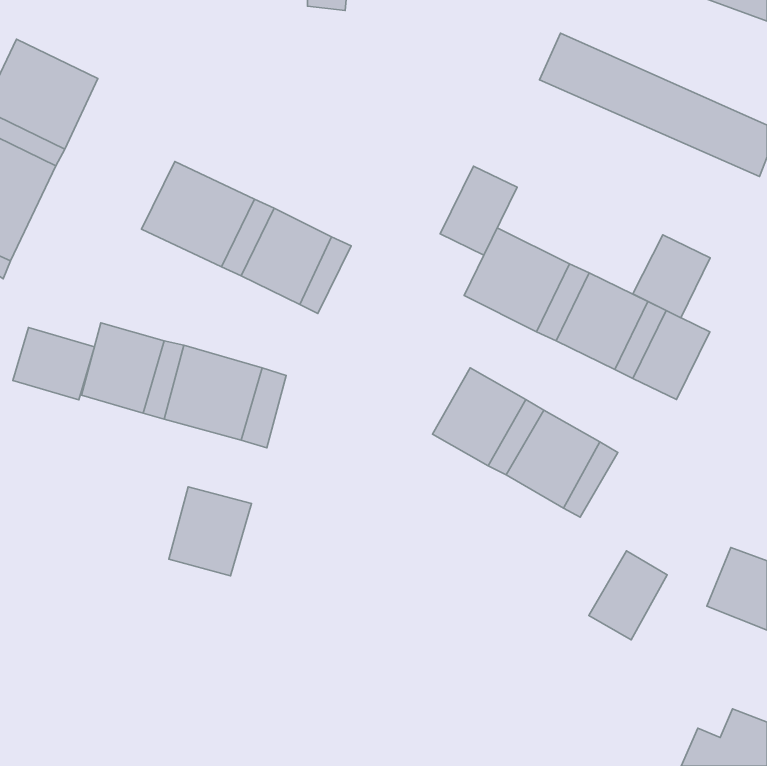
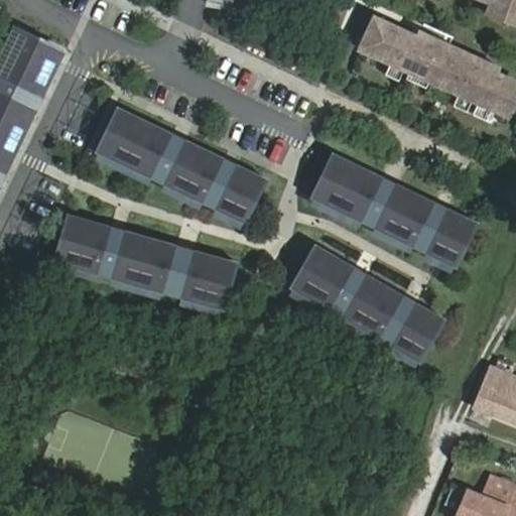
building: [440,166,517,255] -> [213,164,264,224]
building: [633,235,710,318] -> none
building: [13,328,94,400] -> none
building: [169,487,252,576] -> [178,251,234,310]
building: [589,551,667,640] -> [388,302,440,362]

